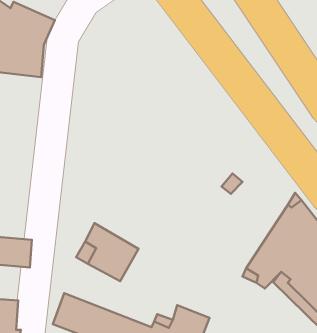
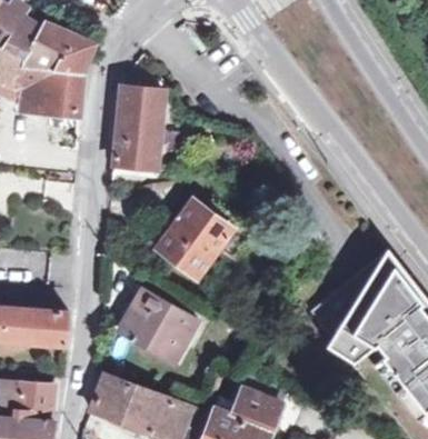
building: none -> [117,89,167,168]
building: none -> [158,199,235,278]

